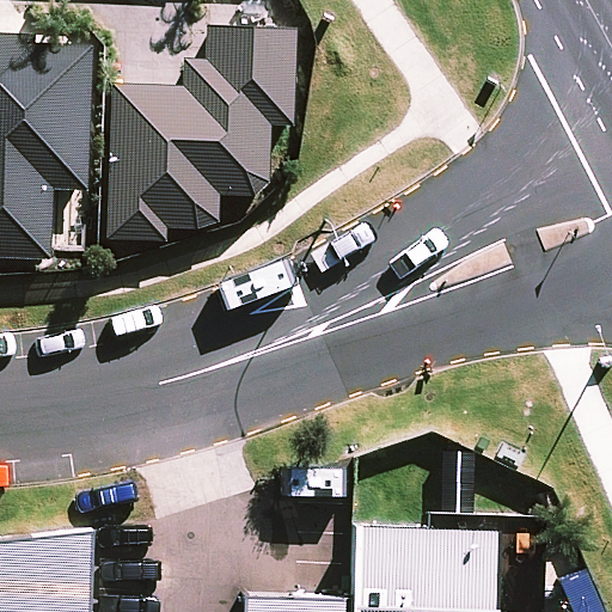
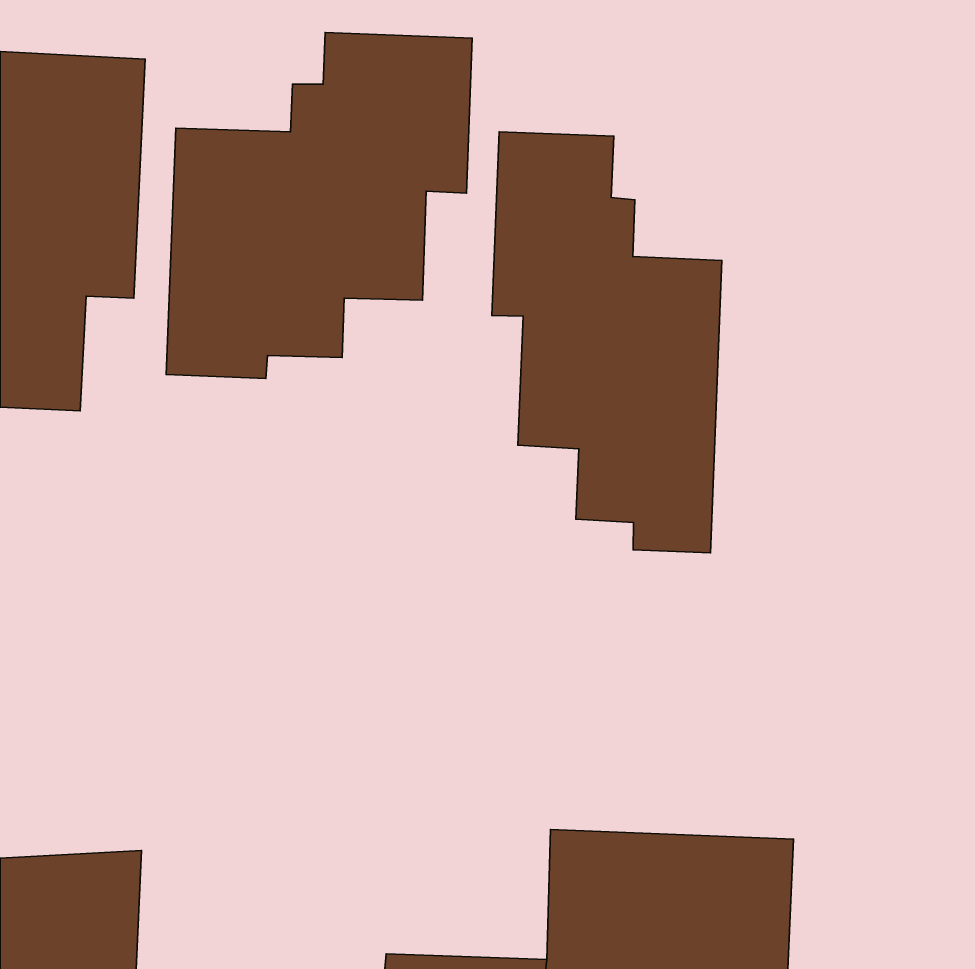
building: none -> [492,132,722,553]

